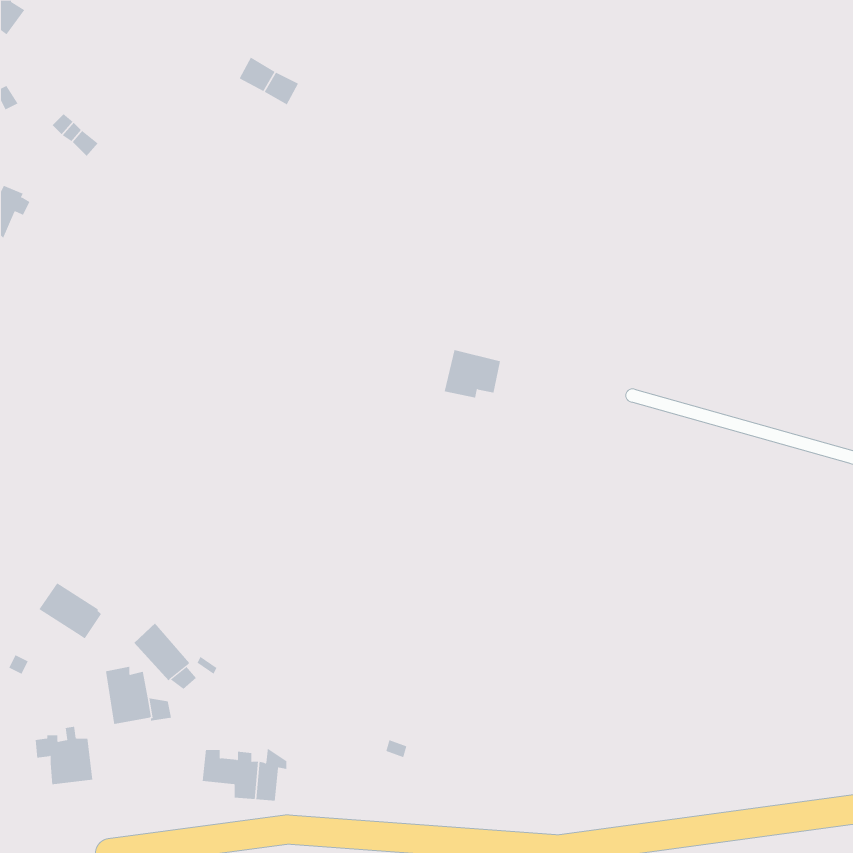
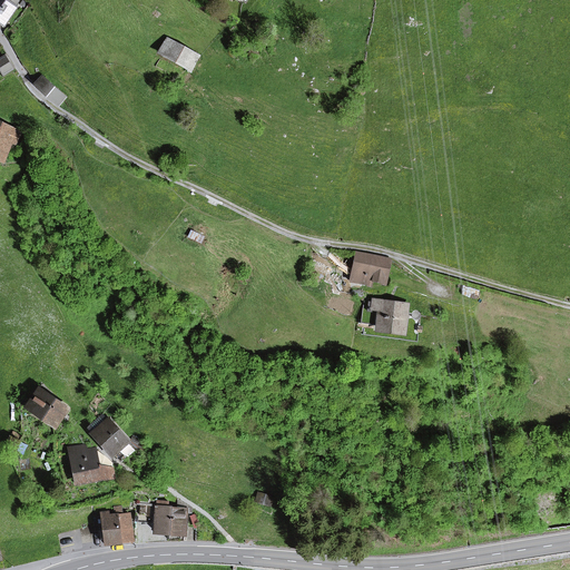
building: [444,350,501,398] -> [351,253,389,285]
building: none -> [373,303,405,332]
building: [35,726,93,785] -> [94,507,132,546]

